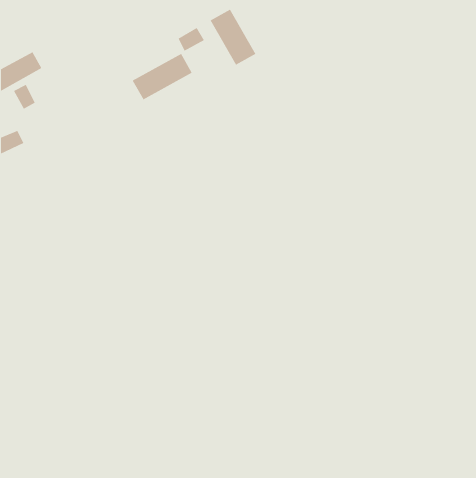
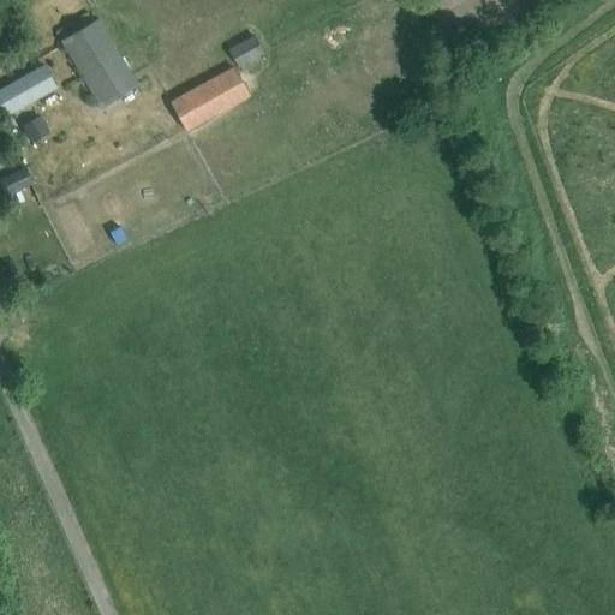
building: [210,9,256,65] -> none
building: none -> [62,19,139,107]

